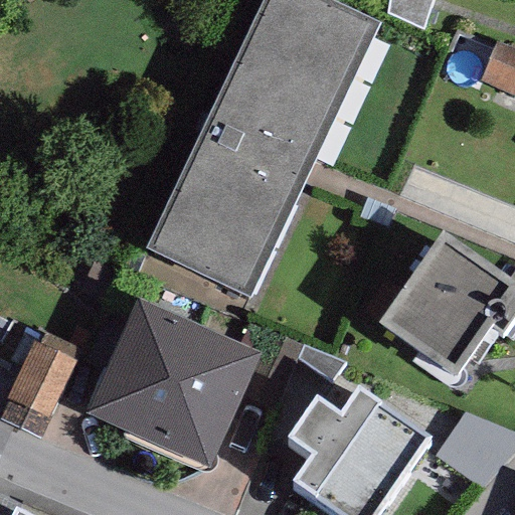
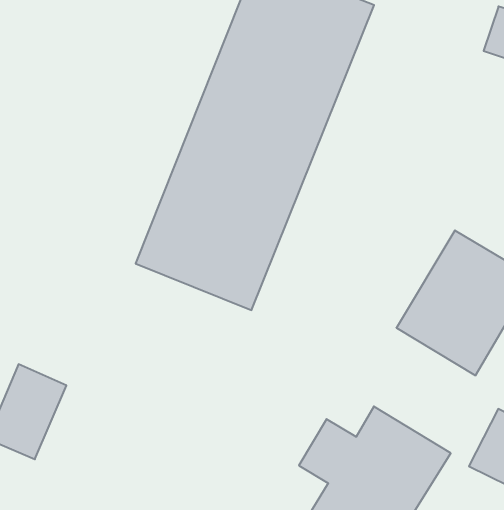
building: [84,298,260,468] -> none

